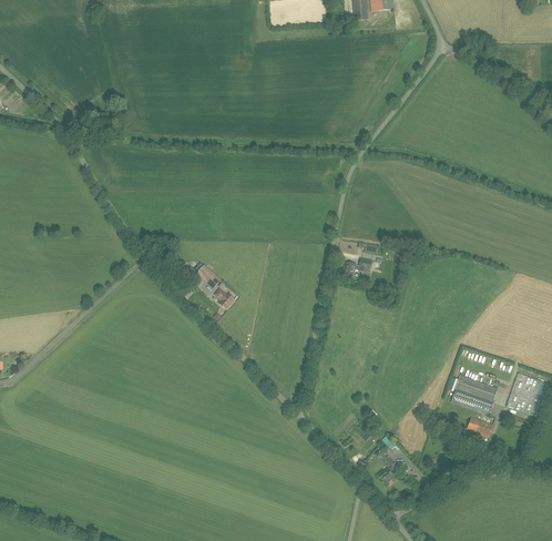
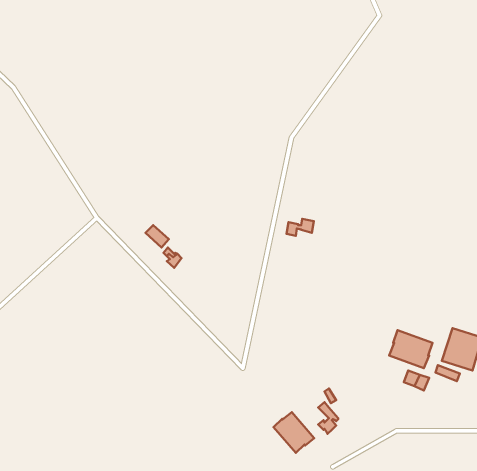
building: none -> [274,412,314,453]

